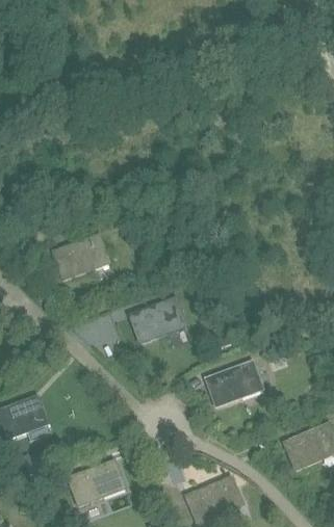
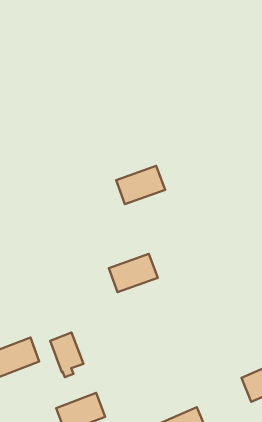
building: [52,234,109,279] -> [116,166,165,204]
building: [205,361,262,405] -> none
building: none -> [50,332,83,377]

